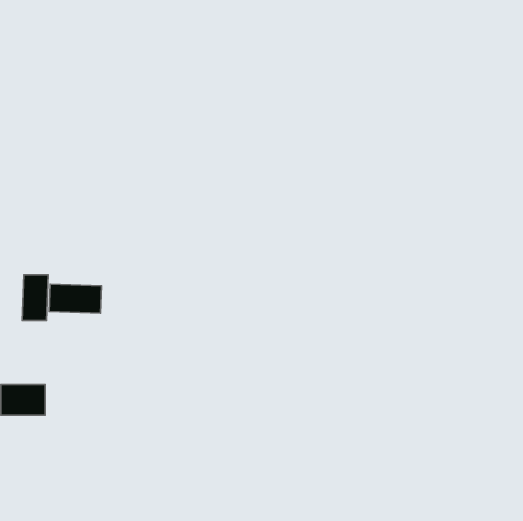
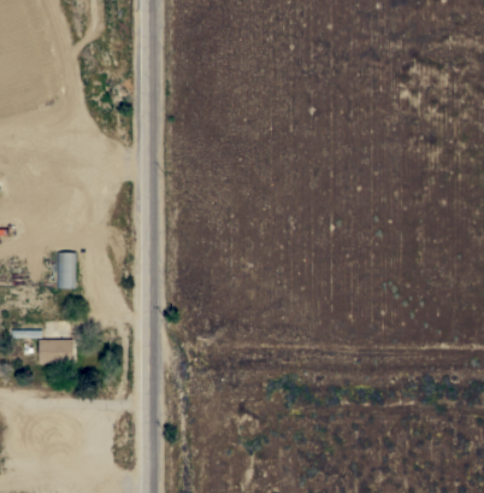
building: [49,284,101,313] -> none

